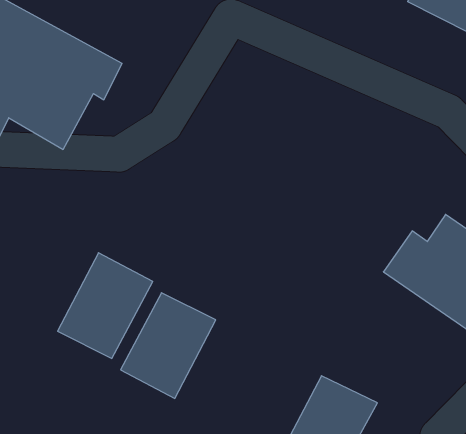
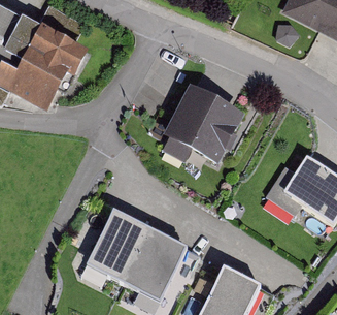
building: none -> [163,86,244,164]
building: [58,253,153,358] -> [123,228,188,301]

